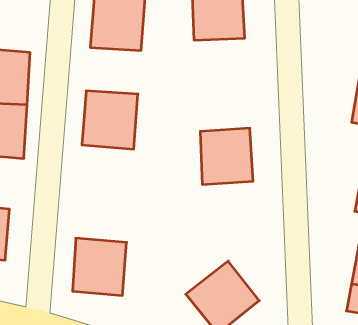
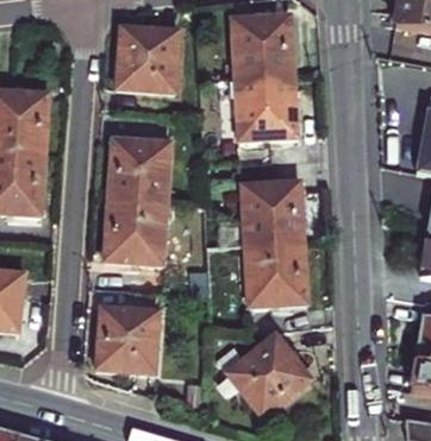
building: none -> [236,76,296,138]
building: none -> [104,199,167,264]
building: none -> [245,240,306,304]

